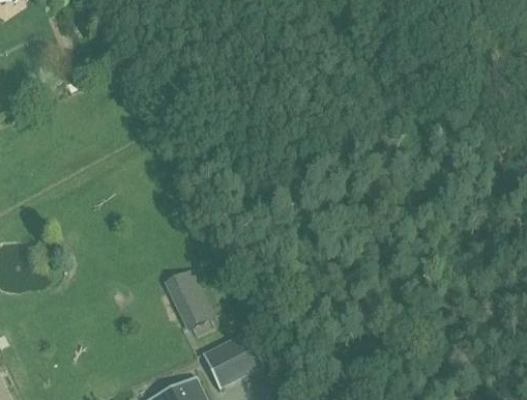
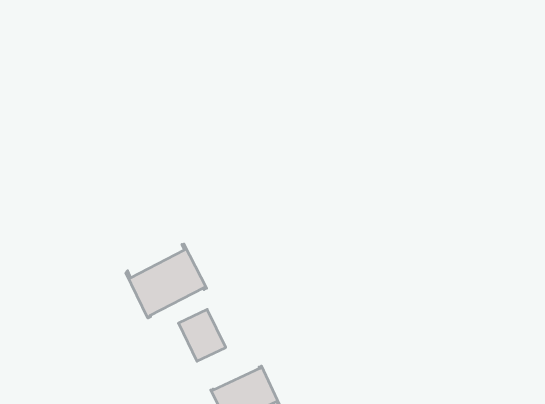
building: none -> [126,244,207,318]

